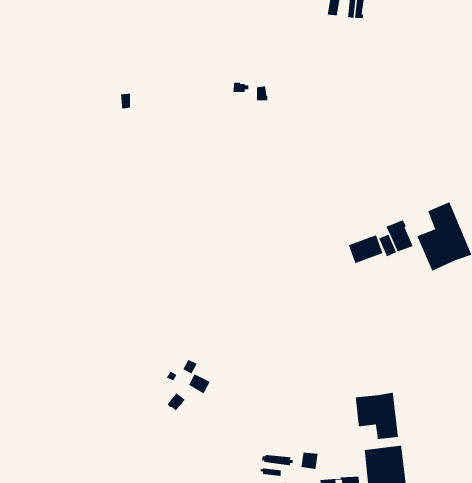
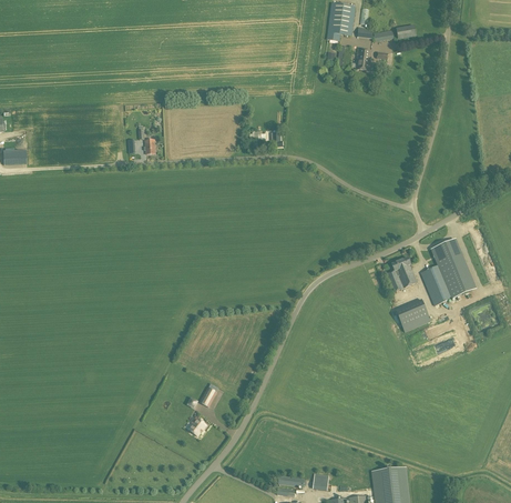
building: [348,234,384,264] -> [395,303,428,331]
building: [355,392,399,440] -> none

